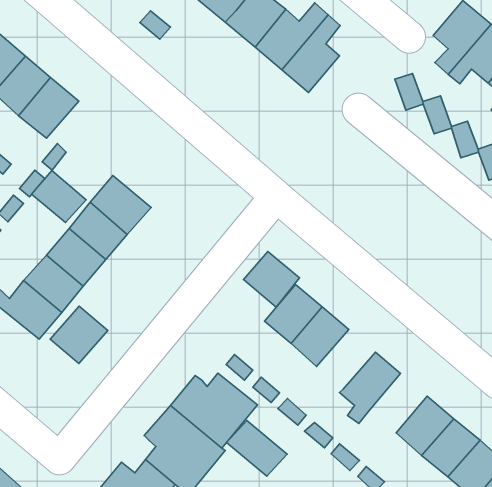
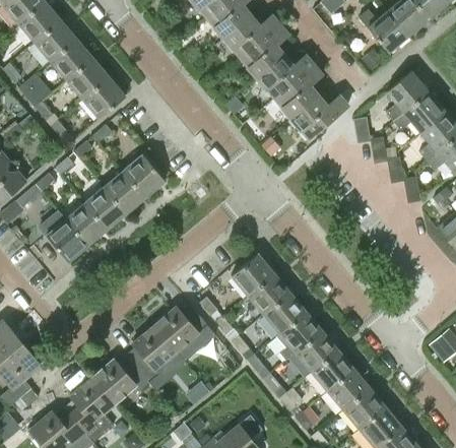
building: none -> [290,95,347,138]
building: [31,170,86,223] -> none
building: [243,251,300,307] -> none
building: [50,306,108,363] -> none
building: none -> [263,292,307,333]
building: none -> [296,329,338,371]
building: [226,421,287,476] -> none

